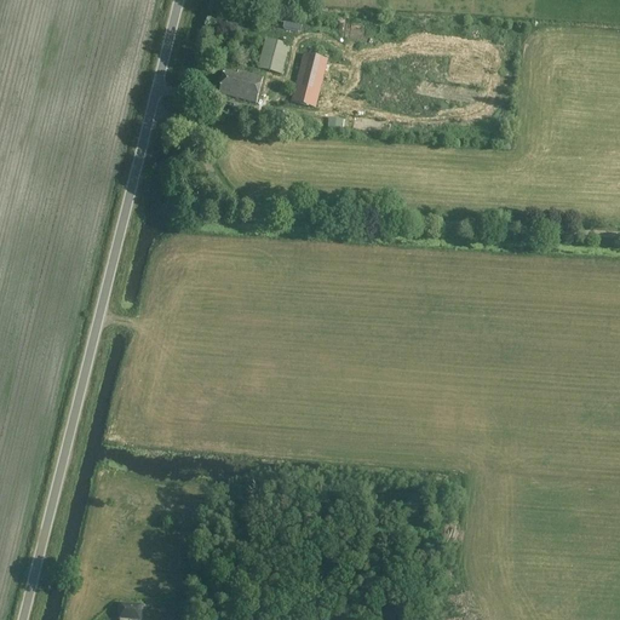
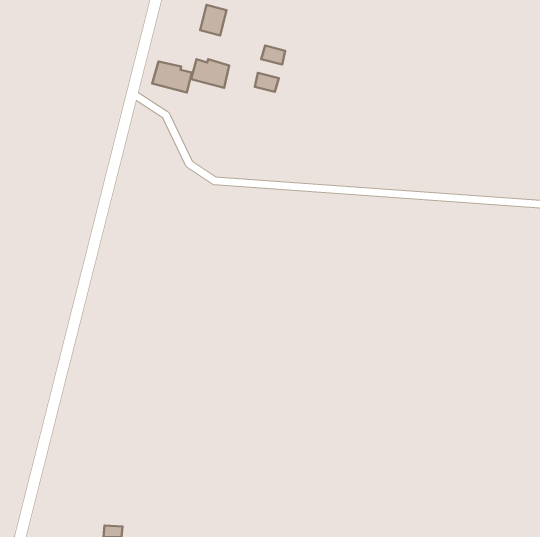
building: [258,36,288,71] -> [200,5,227,36]
building: none -> [152,62,192,92]

